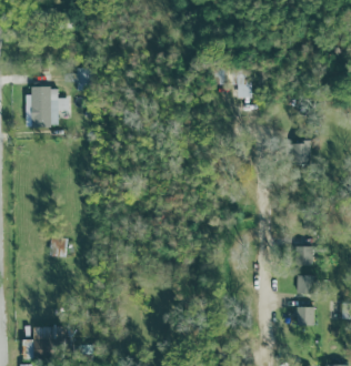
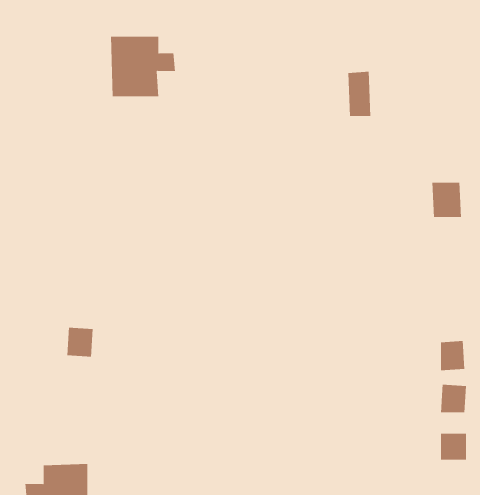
building: [27,87,70,126] -> [110,36,176,97]

